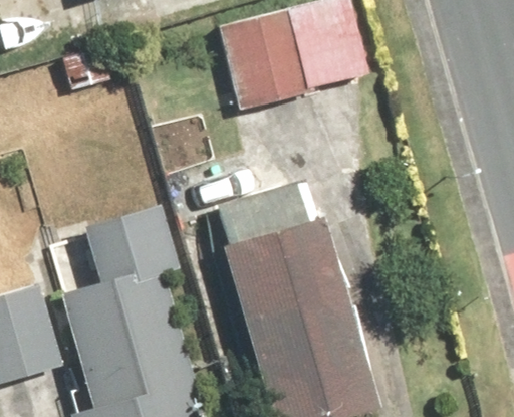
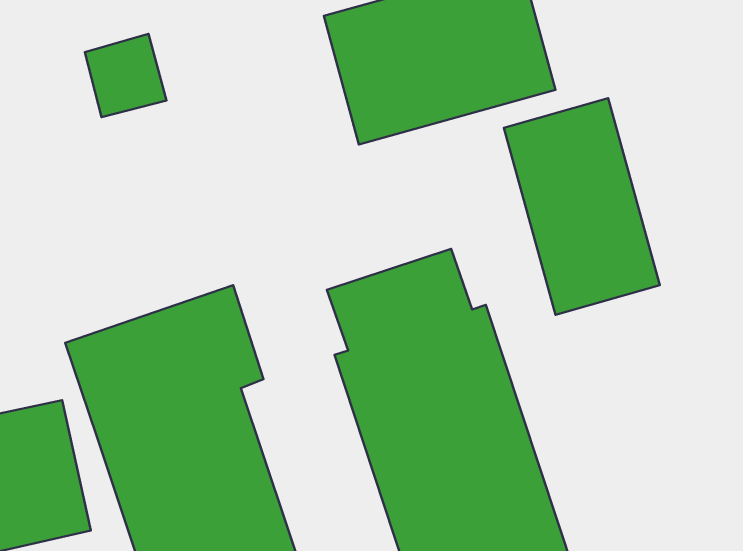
building: none -> [504,98,660,315]

